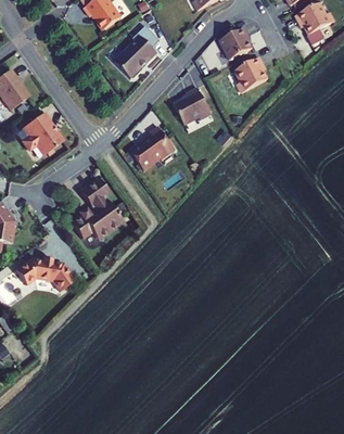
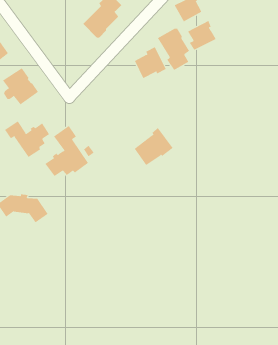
building: none -> [157,28,190,71]
building: [129,126,175,170] -> [134,127,173,166]
building: none -> [4,120,50,158]

